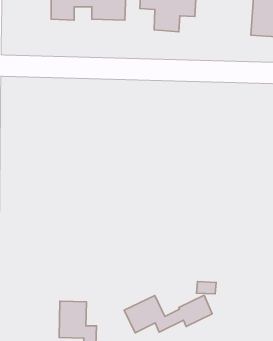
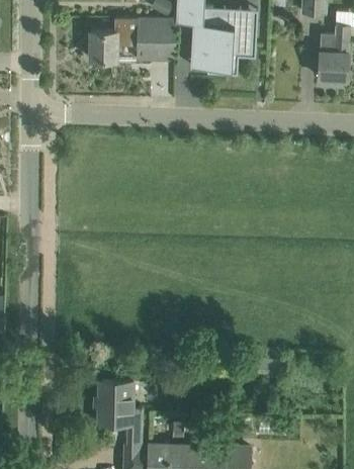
building: [124,295,212,333] -> none

